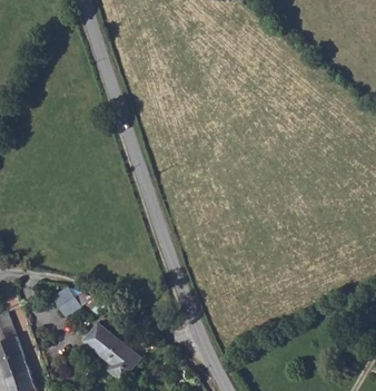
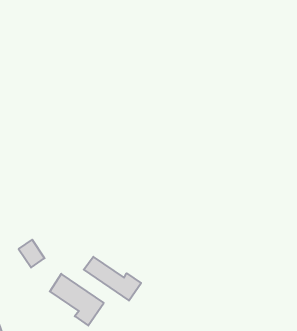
building: none -> [84,257,141,301]

